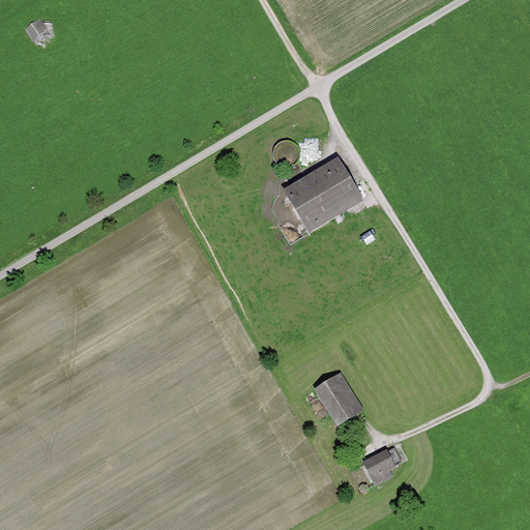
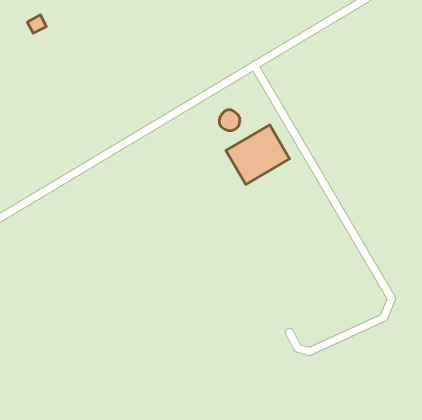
building: [315,371,363,423] -> none
building: [363,449,394,484] -> none

